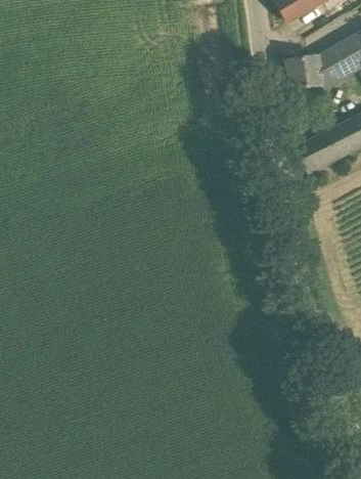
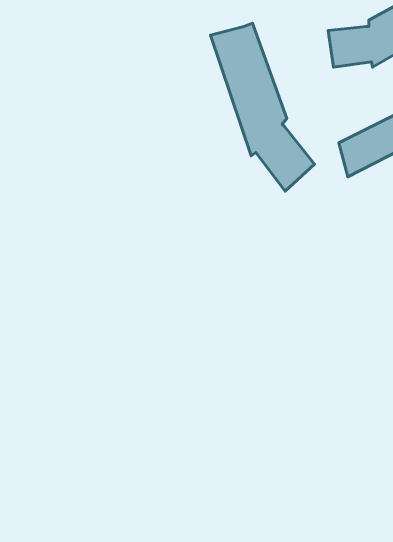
building: none -> [210,23,315,191]

